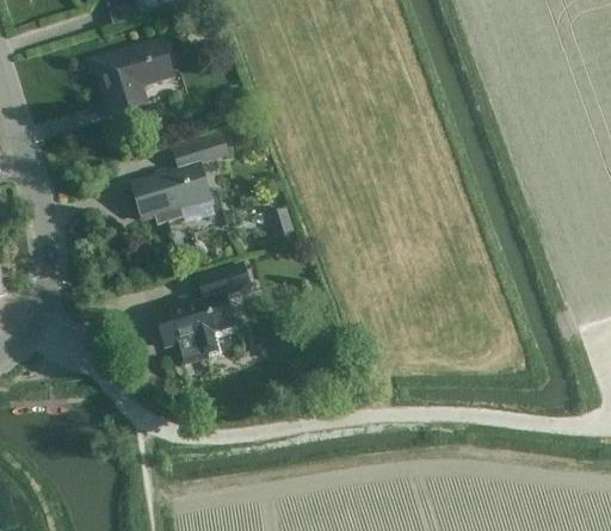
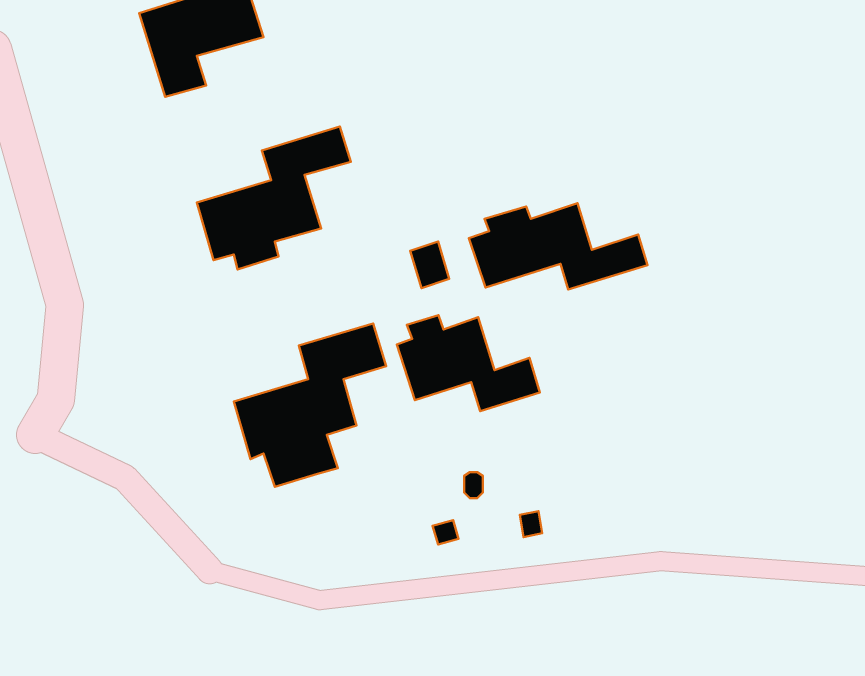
building: none -> [469,203,647,290]
building: none -> [397,315,540,411]

